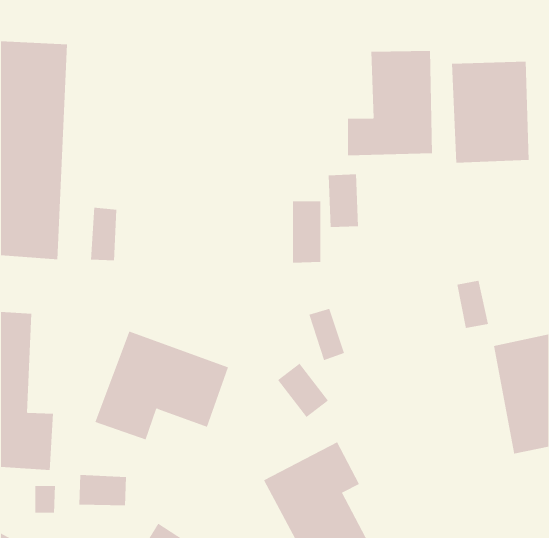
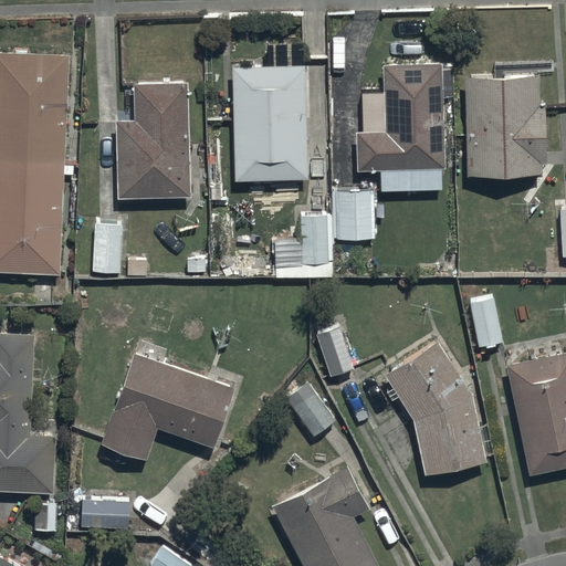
building: none -> [231,66,308,181]
building: none -> [115,82,190,200]
building: none -> [384,339,488,476]

